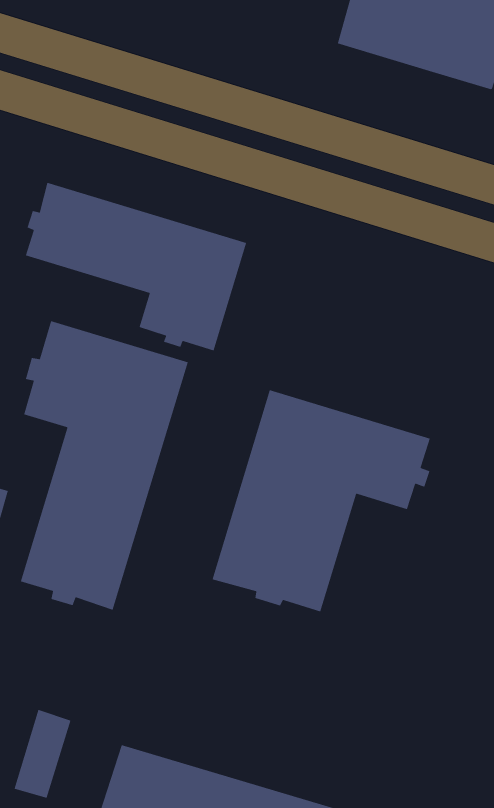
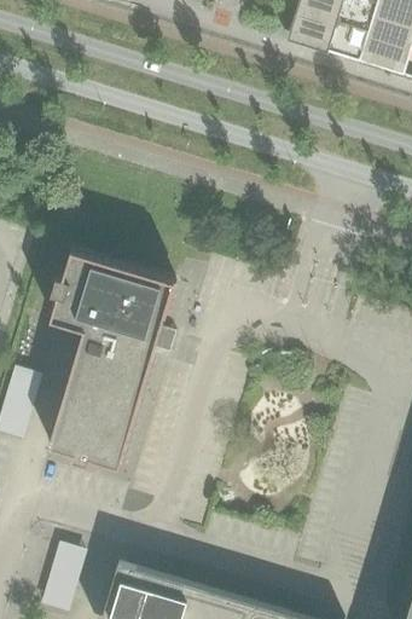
building: [25,182,247,352] -> none
building: [211,389,431,612] -> none

